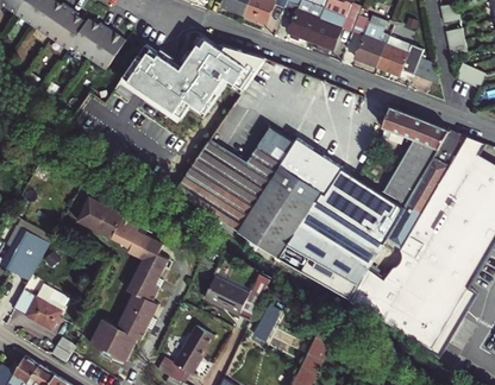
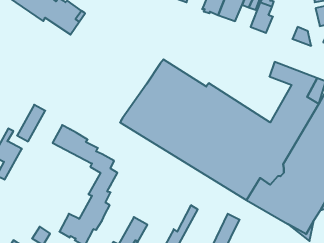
building: [376,36,411,76] -> none
building: [125,40,262,114] -> none
building: [12,228,51,279] -> [17,105,45,141]
building: [203,276,259,321] -> none
building: [12,289,68,328] -> none

